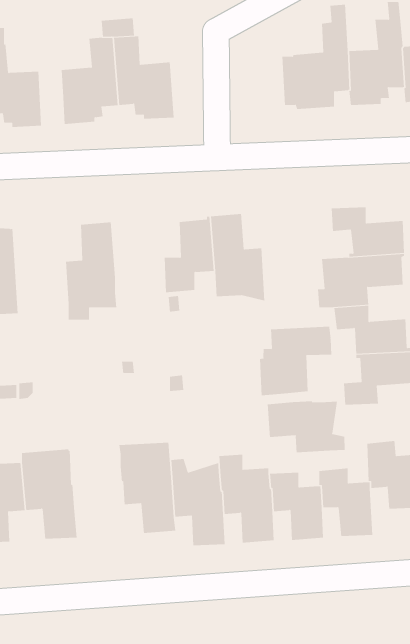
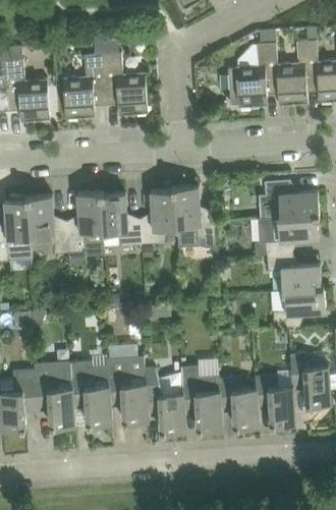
building: none -> [100,191,139,245]
building: none -> [26,194,67,253]
building: [259,326,332,396] -> none
building: [267,400,345,453] -> none
building: none -> [69,360,111,426]

